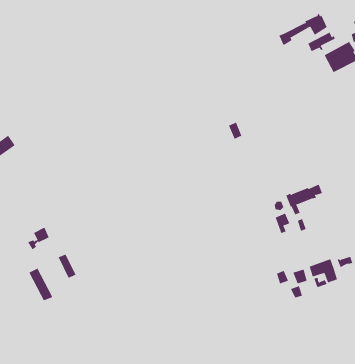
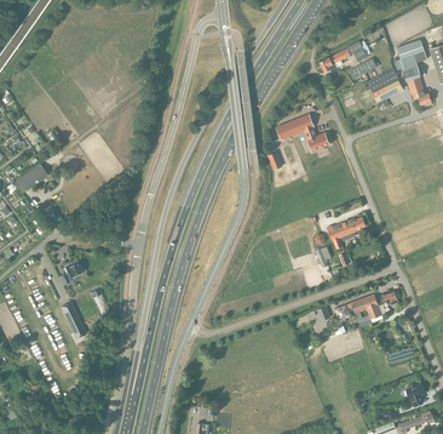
building: none -> [277,114,329,152]

